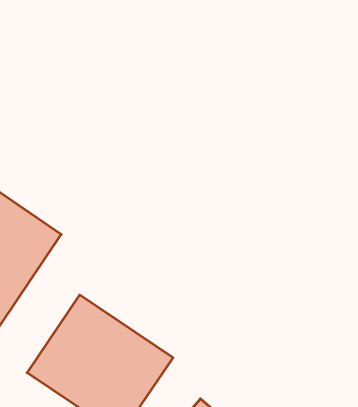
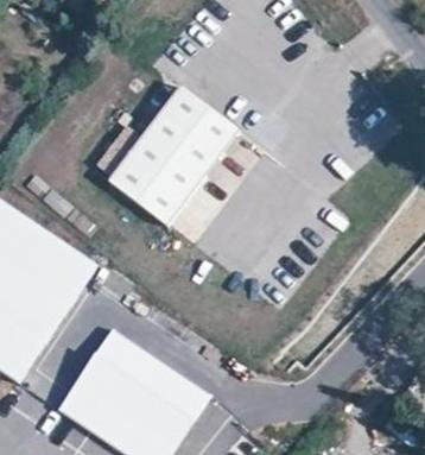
building: none -> [110,90,240,230]

